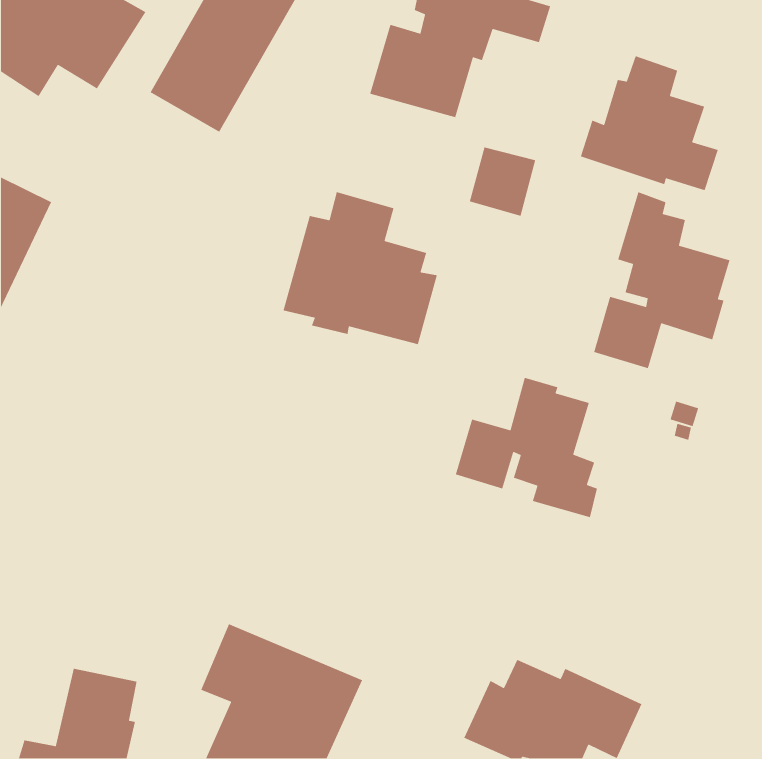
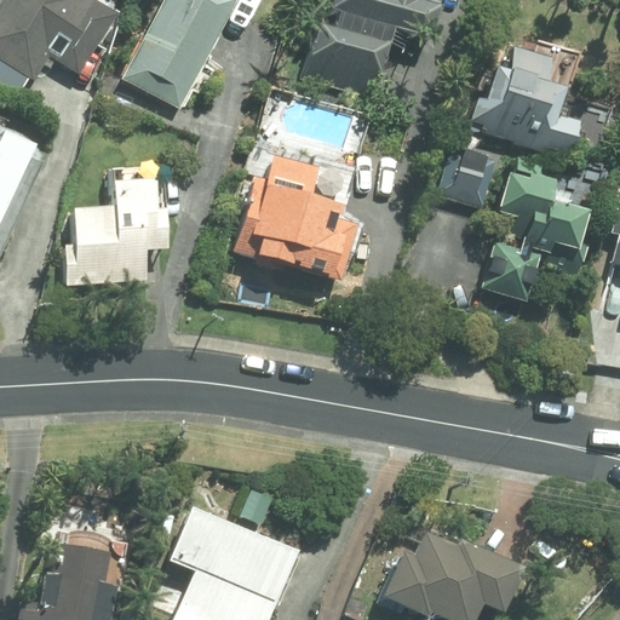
building: [469,146,536,217] -> [442,148,496,205]
building: none -> [61,165,166,285]
building: [455,377,598,518] -> none

